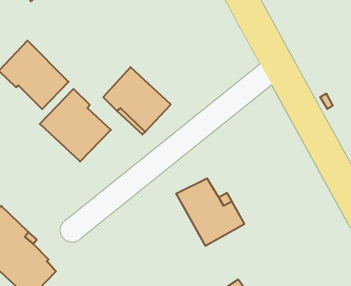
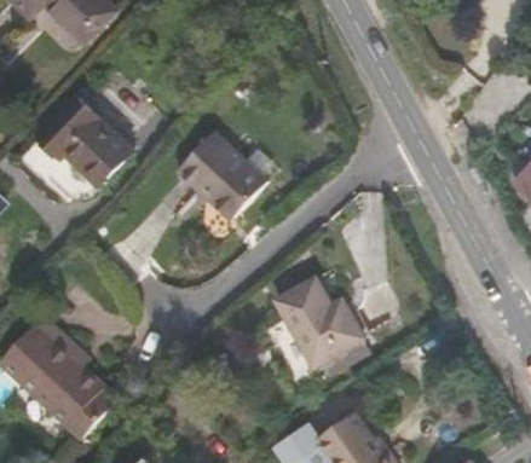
building: [40,89,111,162] -> none

